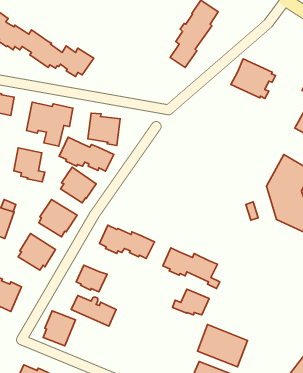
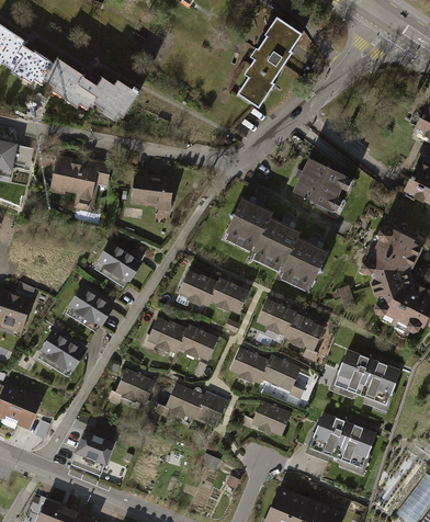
building: [231,59,276,99] -> [291,157,350,209]
building: none -> [225,196,327,288]
building: [59,137,114,171] -> [176,268,248,313]
building: [14,148,45,182] -> none
building: none -> [254,294,324,360]
building: none -> [333,350,399,405]
building: [71,295,116,326] -> [166,385,225,425]
building: [198,325,247,367] -> [309,412,375,468]

